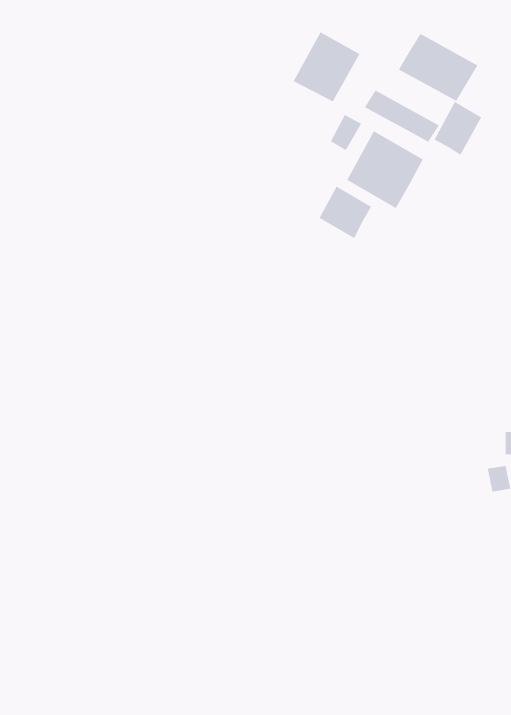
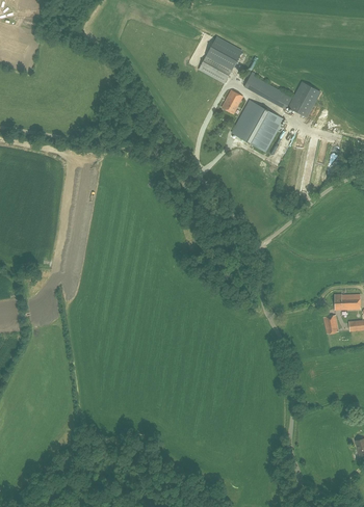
building: [398,33,478,102] -> none
building: [318,186,372,239] -> none

